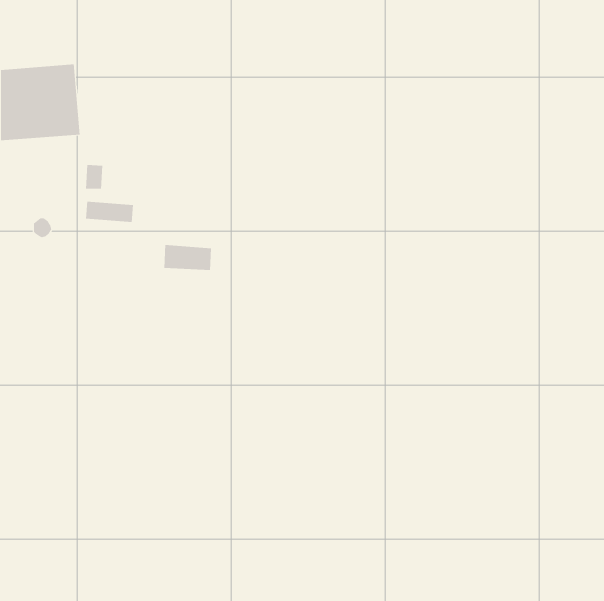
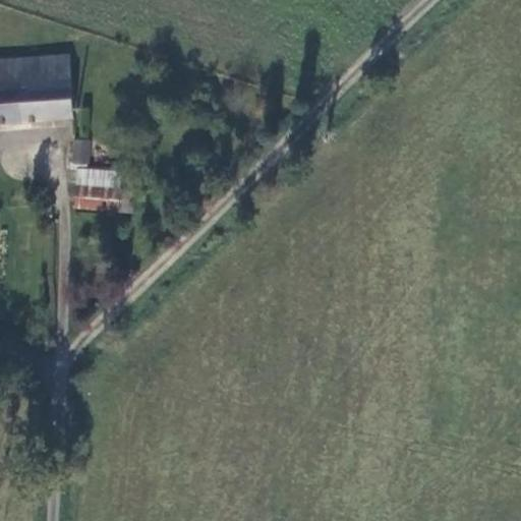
building: [163,245,212,271] -> [73,188,115,211]

